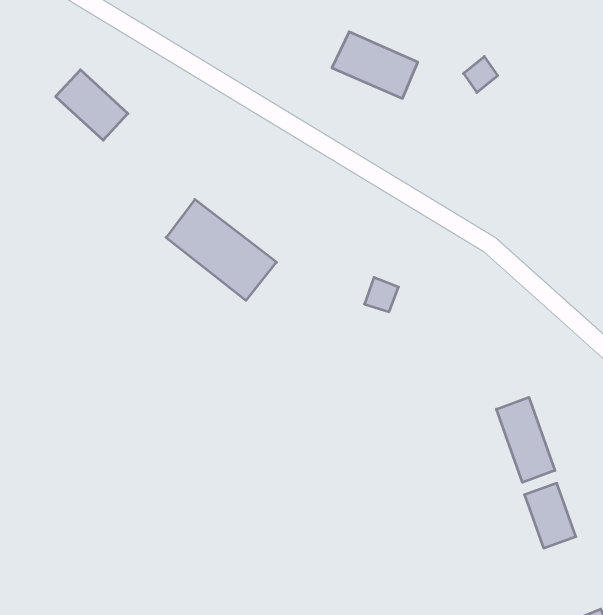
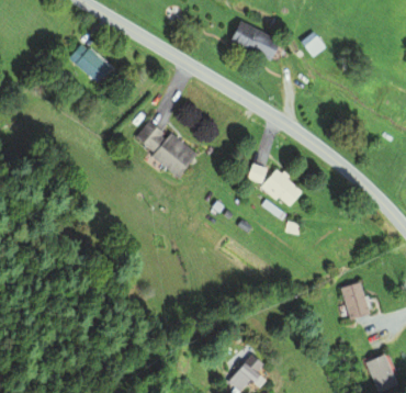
building: none -> [263,168,303,206]
building: [496,397,555,482] -> none

